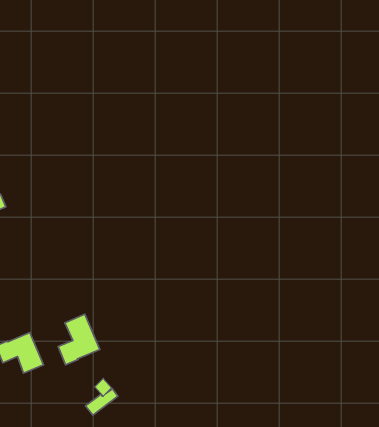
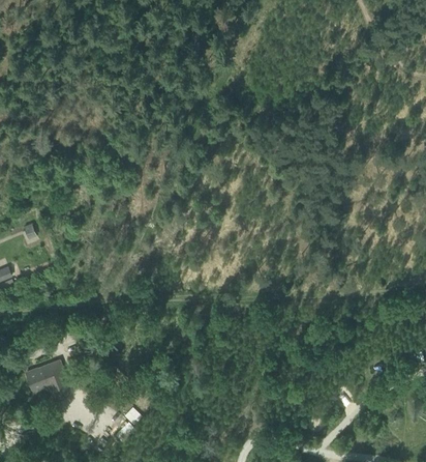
building: [58,314,100,365] -> none

